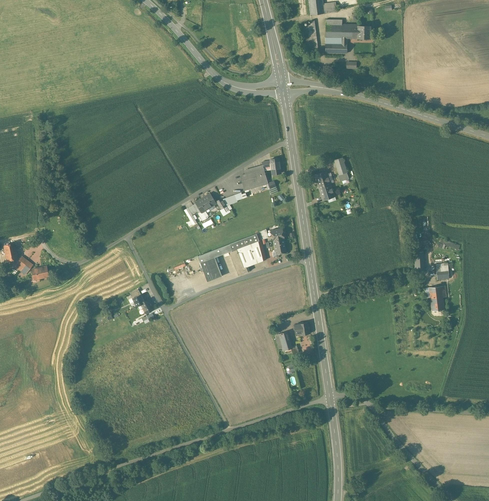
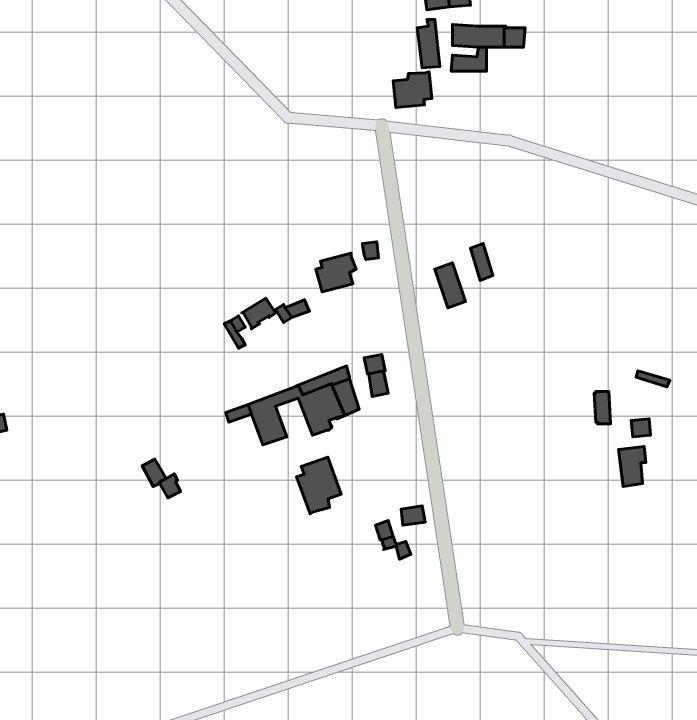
building: none -> [393,72,432,107]
building: none -> [297,457,341,514]

